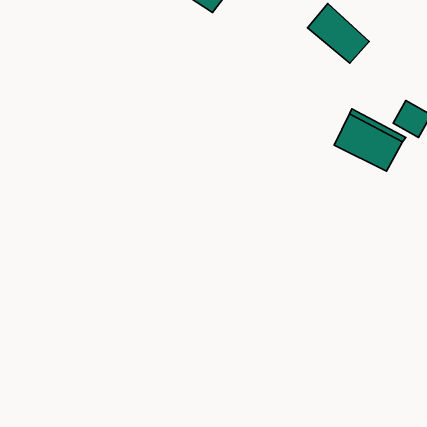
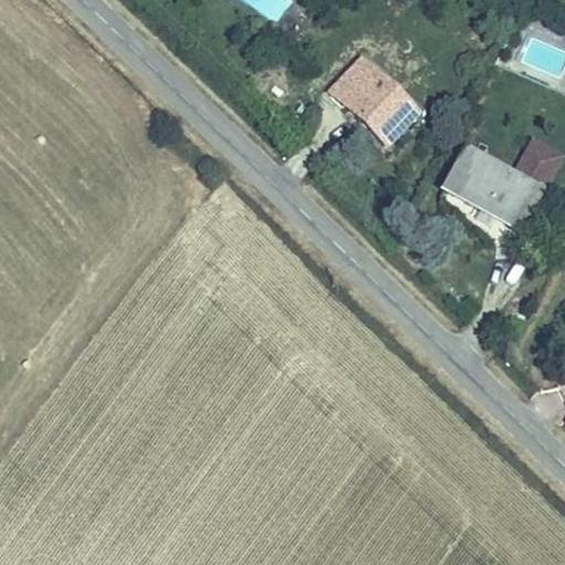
building: [308,3,369,63] -> [333,61,414,139]

